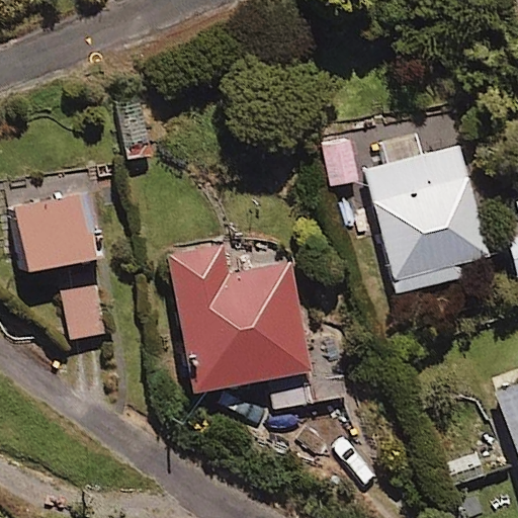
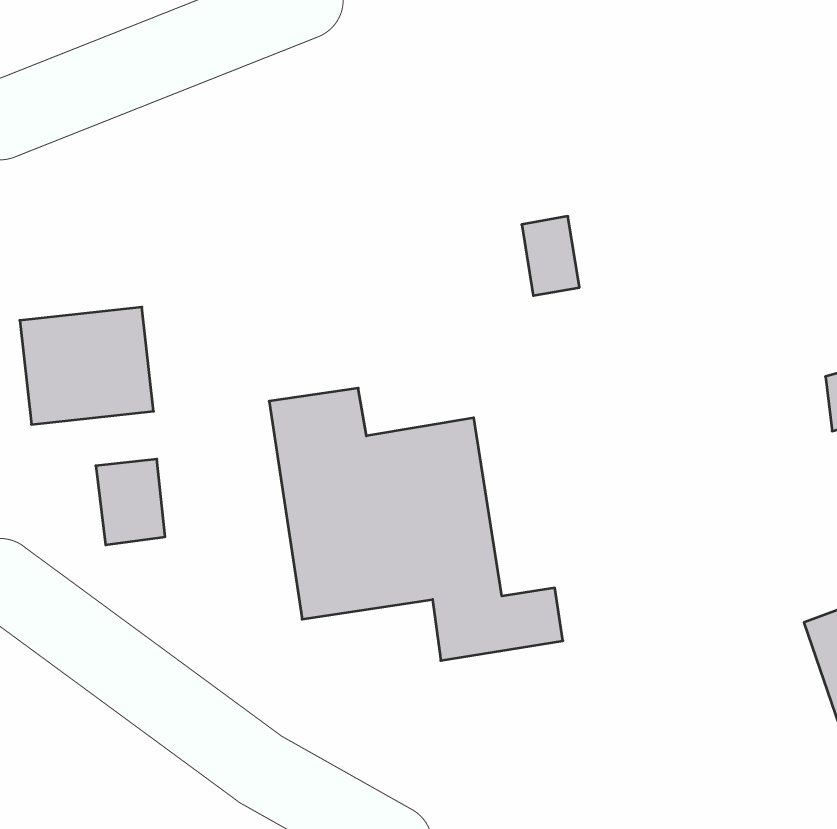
building: [366,131,488,291] -> none

